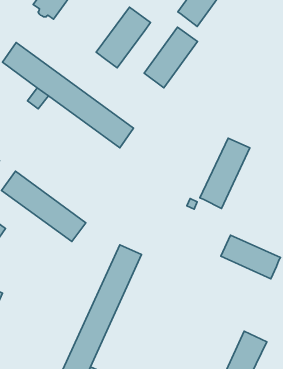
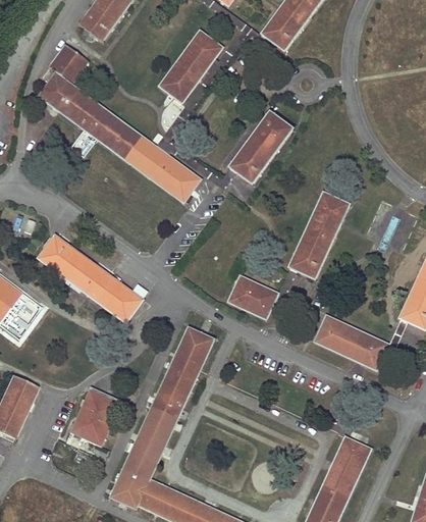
building: none -> [48,44,90,86]
building: [144,27,198,88] -> [226,108,294,185]
building: none -> [227,275,279,319]
building: none -> [70,390,121,447]

